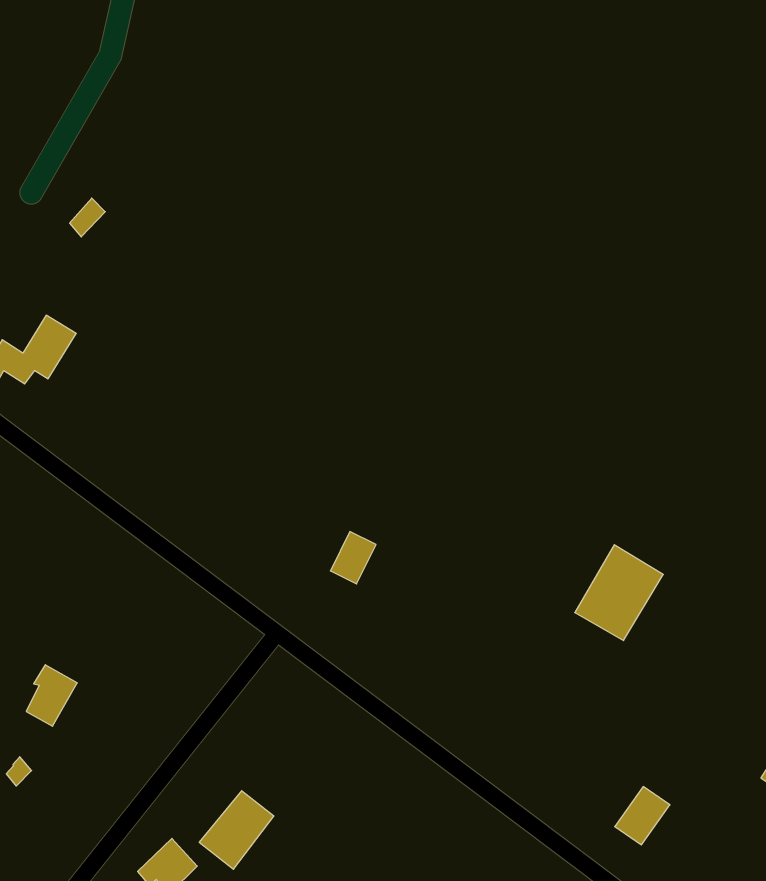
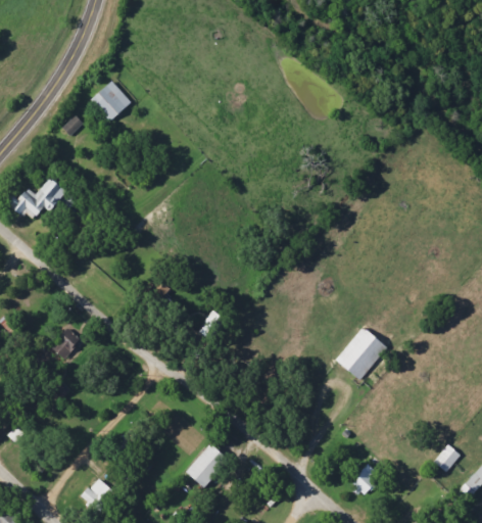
building: none -> [92,80,132,120]
building: [26,665,77,726] -> [54,327,84,362]
building: [199,791,274,869] -> [183,444,226,488]

